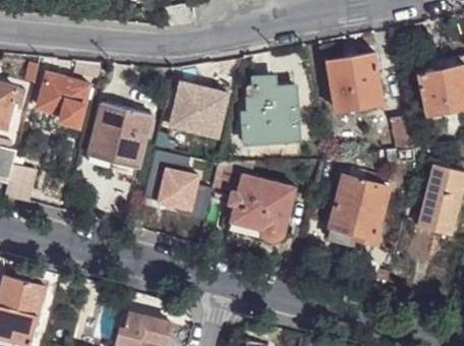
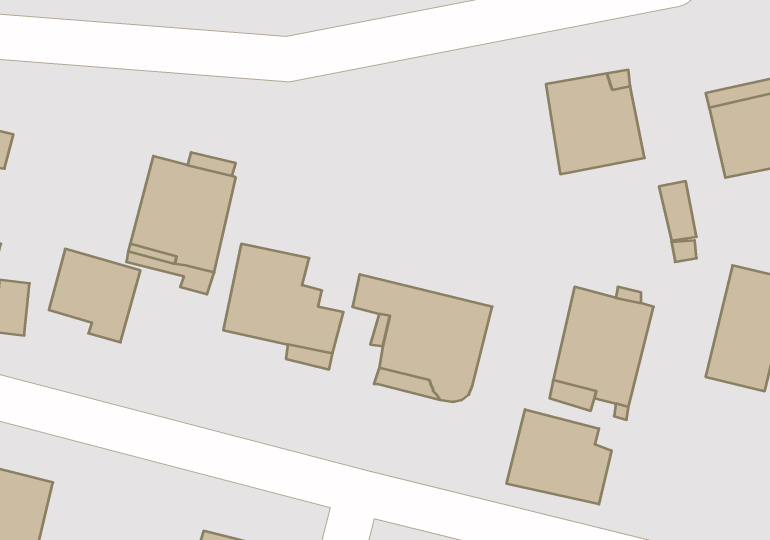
building: [37,70,89,123] -> [49,249,140,342]
building: [242,76,297,142] -> none
building: [160,79,226,135] -> none
building: none -> [507,409,611,504]

